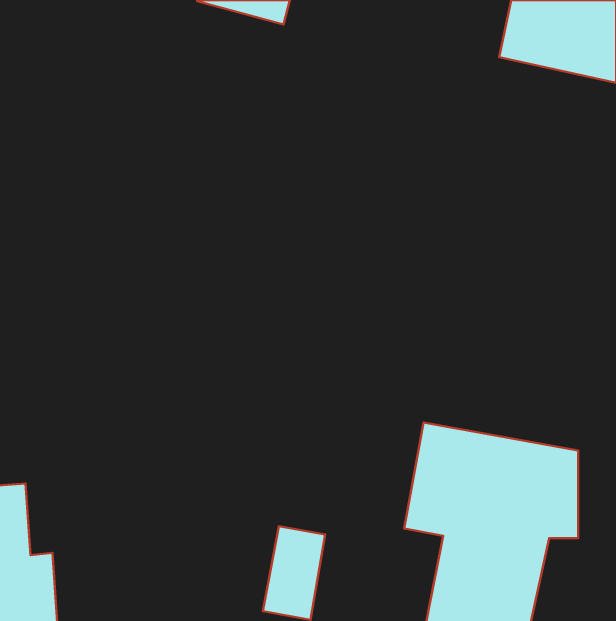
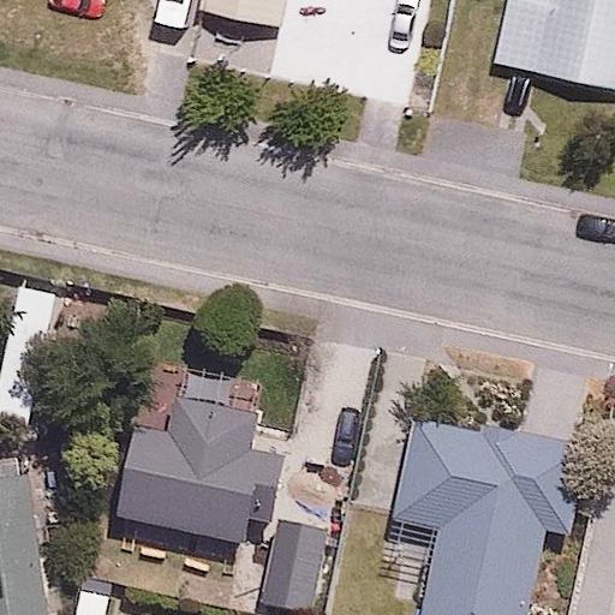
building: none -> [115,401,275,544]

